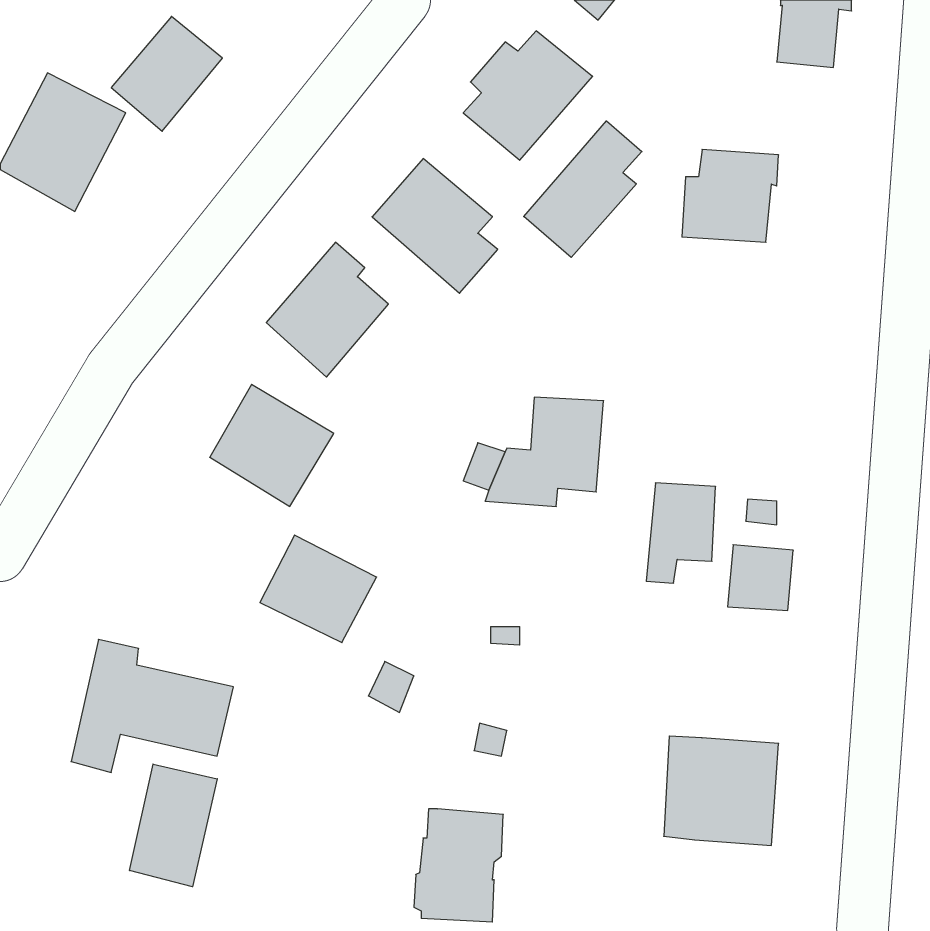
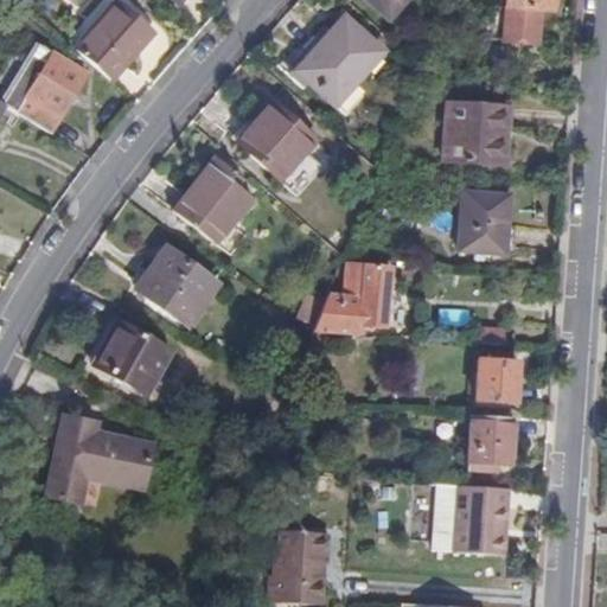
building: [524,121,642,257] -> none
building: none -> [460,186,511,248]
building: [646,483,716,583] -> [467,410,512,475]
building: [260,535,377,643] -> [96,327,172,397]
building: [130,764,217,887] -> none

